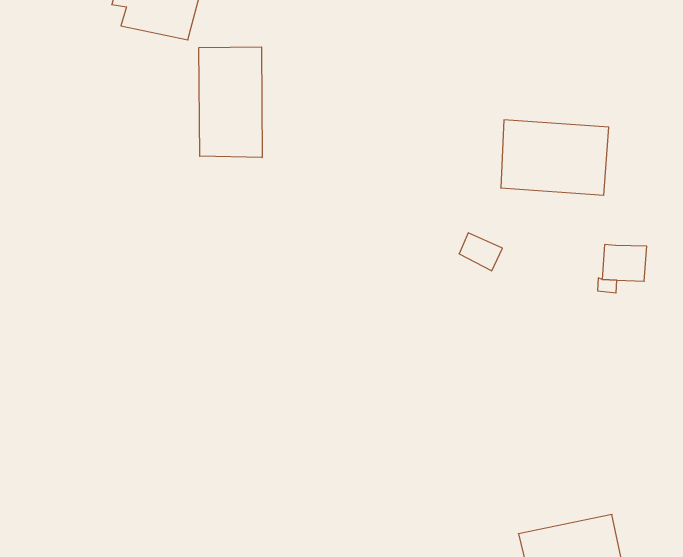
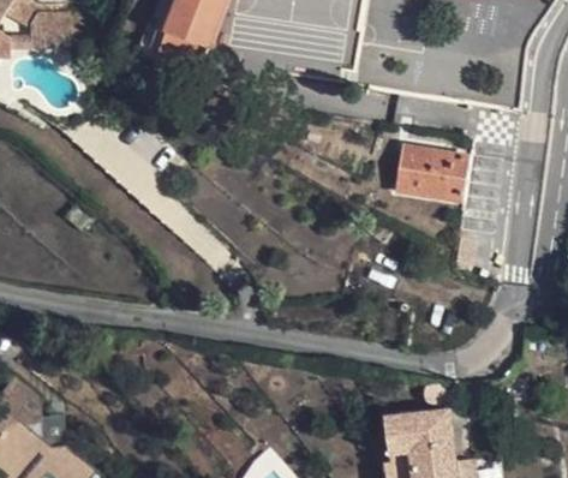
building: [199,47,262,158] -> none

